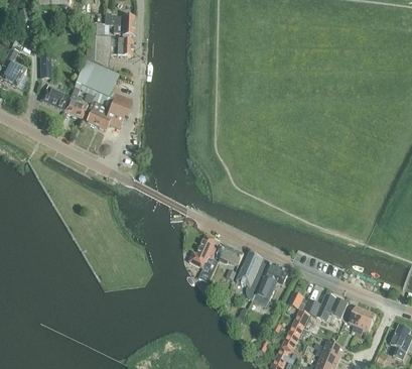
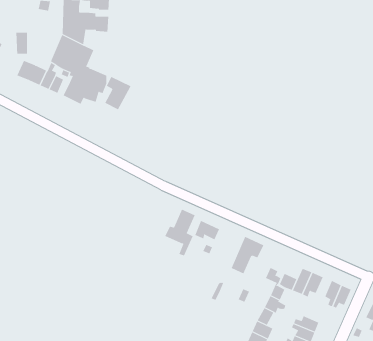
building: none -> [105,76,131,110]
building: [237,253,268,299] -> none

